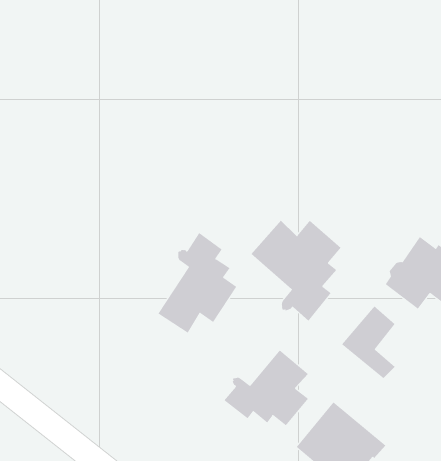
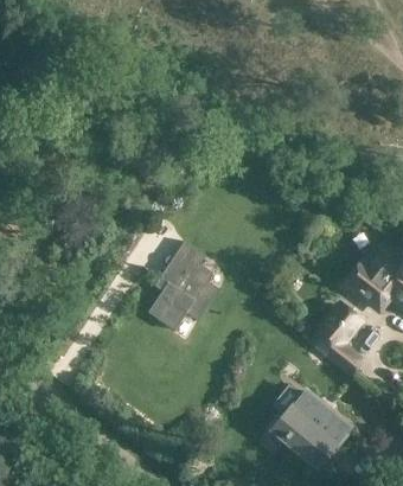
building: [251,220,342,322] -> none
building: [223,349,309,426] -> none

